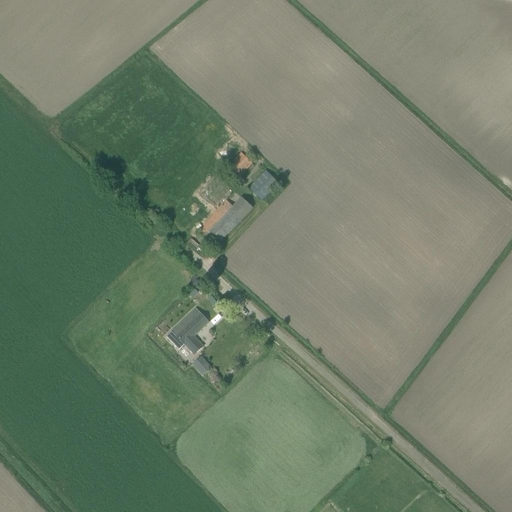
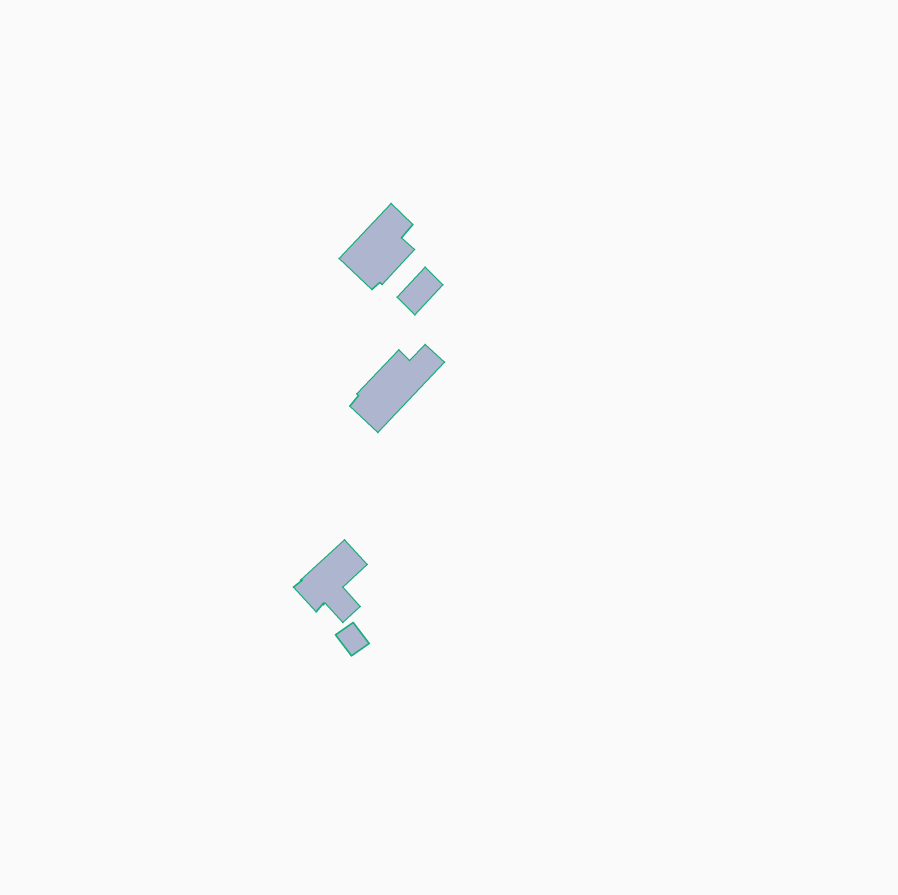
building: none -> [339,203,414,290]
building: [250,170,278,198] -> none

